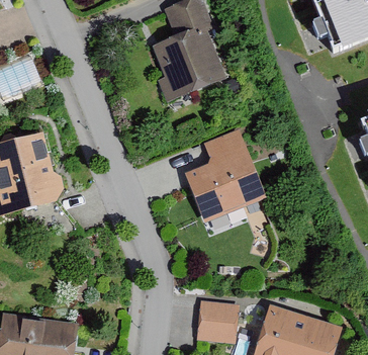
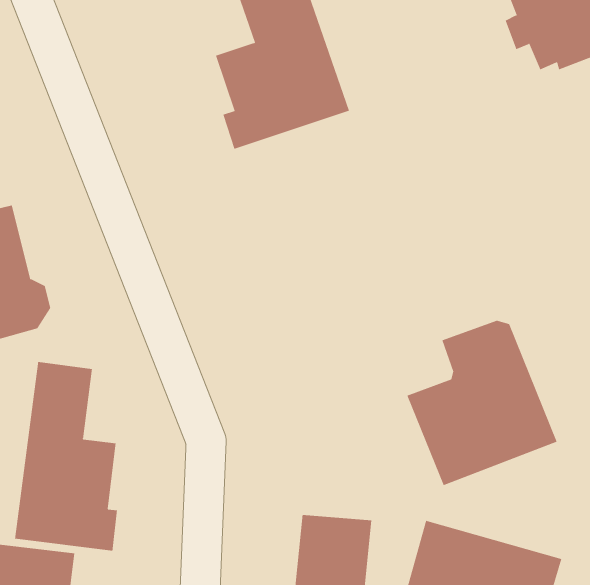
building: [186,129,269,220] -> [406,320,558,486]
building: none -> [15,361,118,551]

